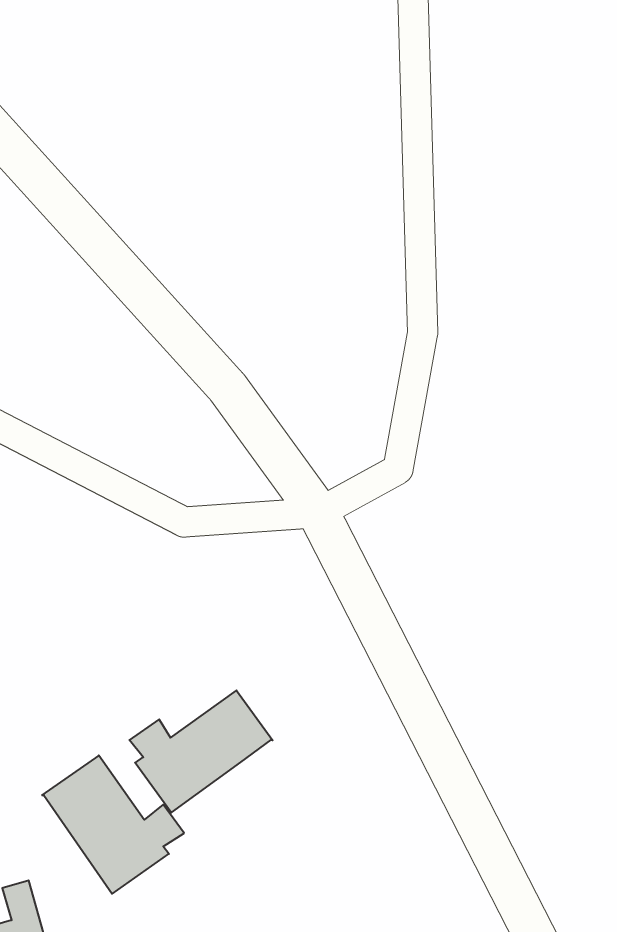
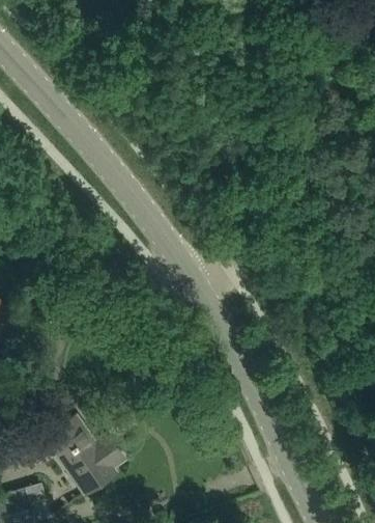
building: [129,690,273,813] -> none

